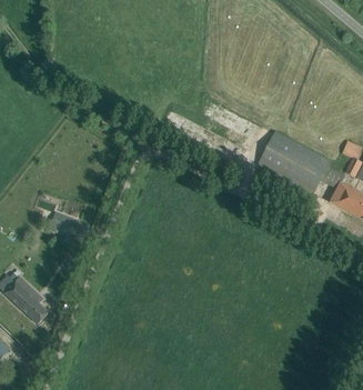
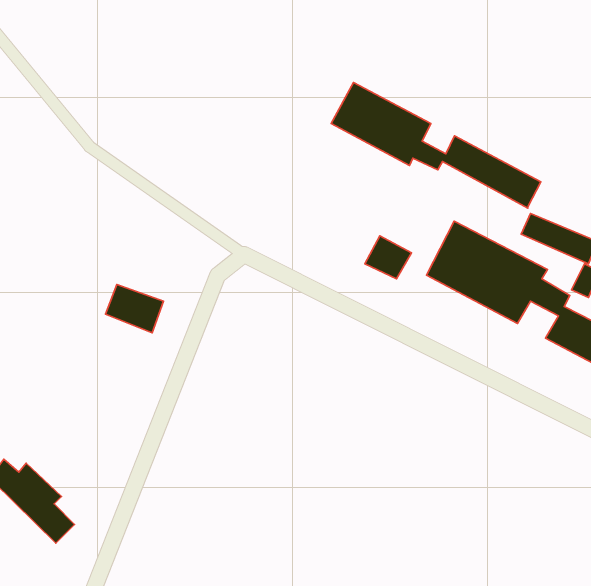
building: none -> [331,82,541,208]
building: [49,211,83,240] -> [106,284,163,333]

